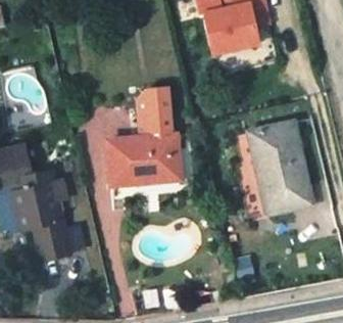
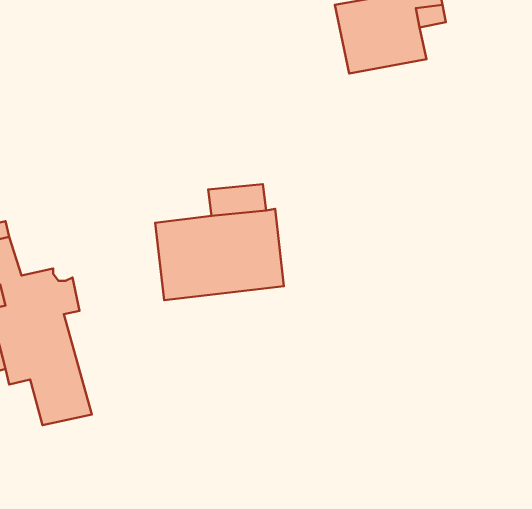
building: [138,86,171,122] -> none
building: [252,125,316,216] -> none

